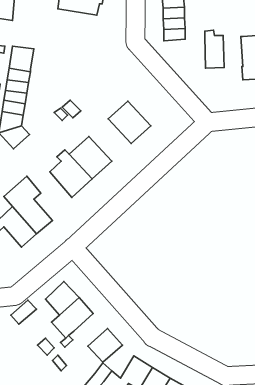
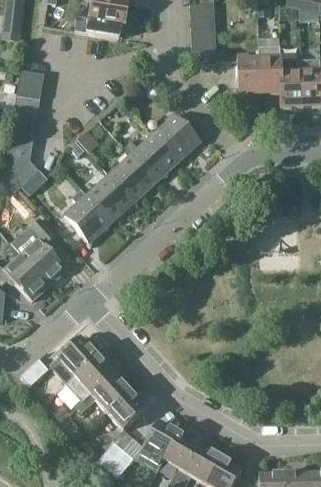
building: none -> [259,48,282,95]
building: none -> [152,113,200,161]
building: none -> [108,153,156,201]
building: none -> [91,373,129,410]

